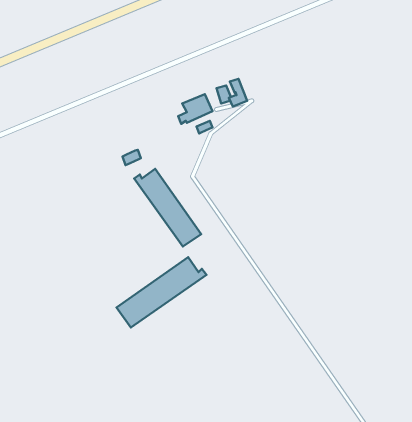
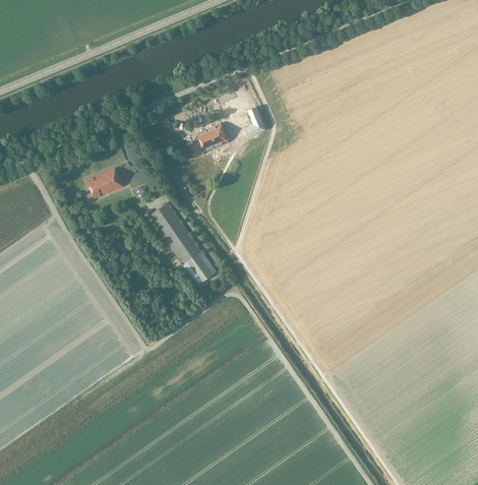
building: none -> [85,168,122,198]
building: [117,257,206,327] -> none

